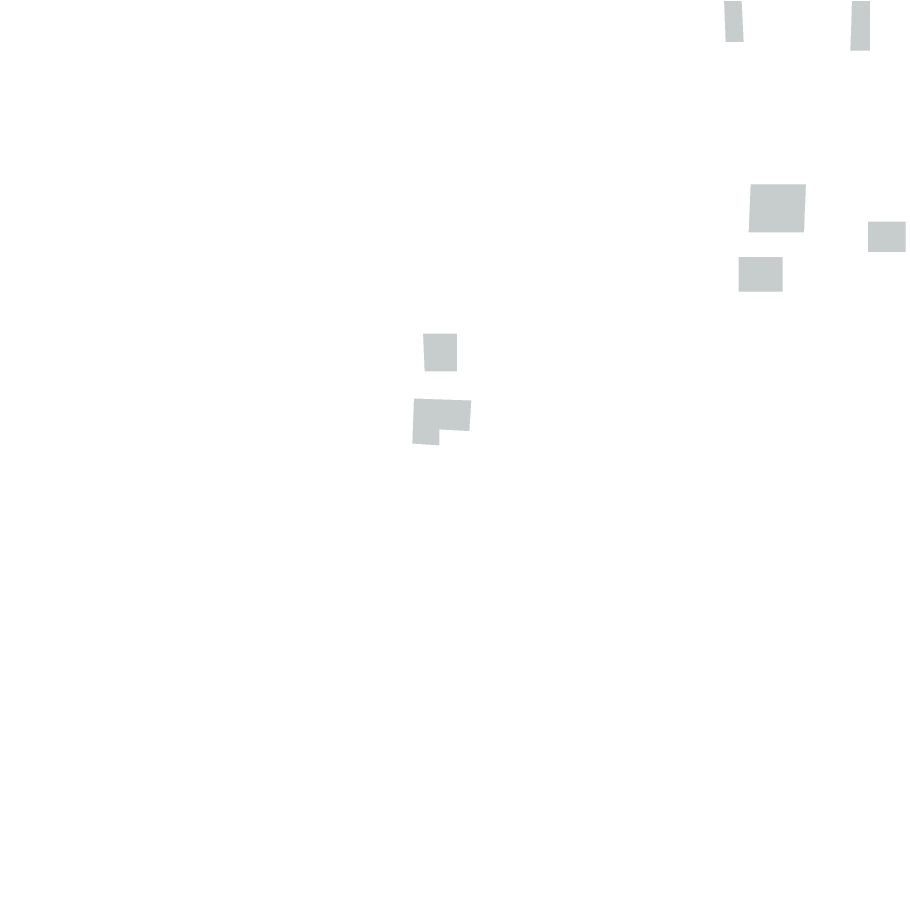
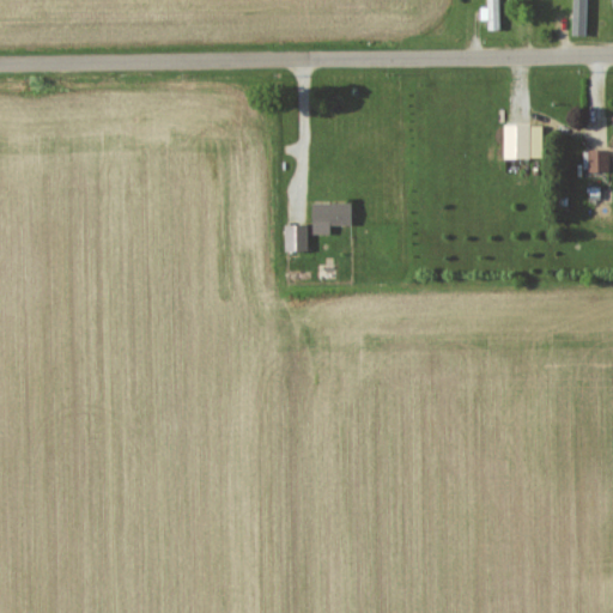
building: [738,256,784,293] -> none
building: [412,398,472,446] -> [311,202,352,235]

